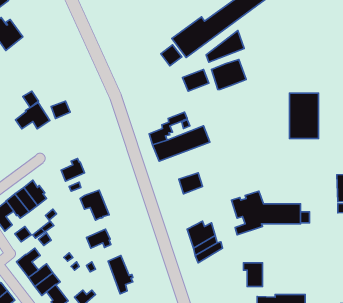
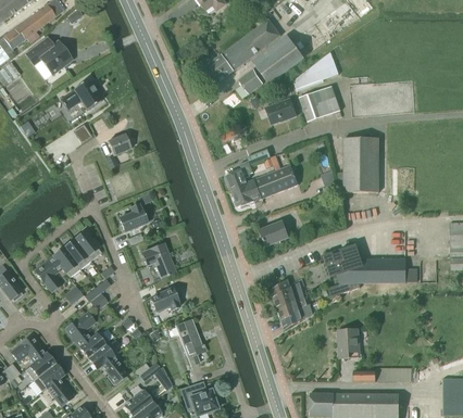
building: none -> [200,20,280,86]
building: [290,93,319,139] -> [343,137,378,191]
building: [15,102,50,129] -> [60,78,101,110]

